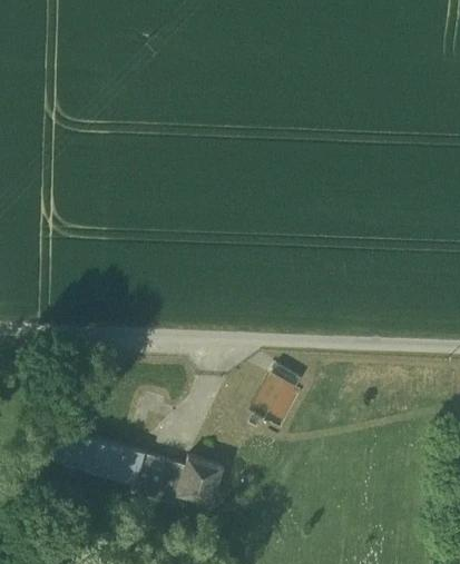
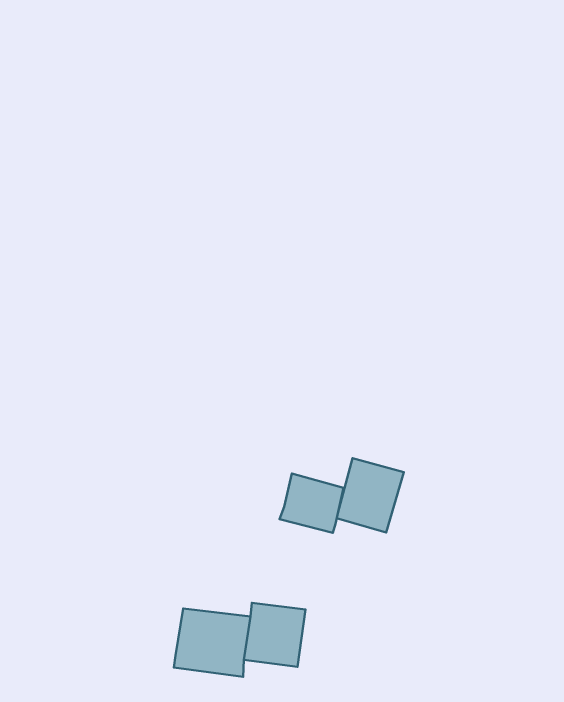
building: none -> [280,474,343,533]
building: [47,429,144,485] -> none

